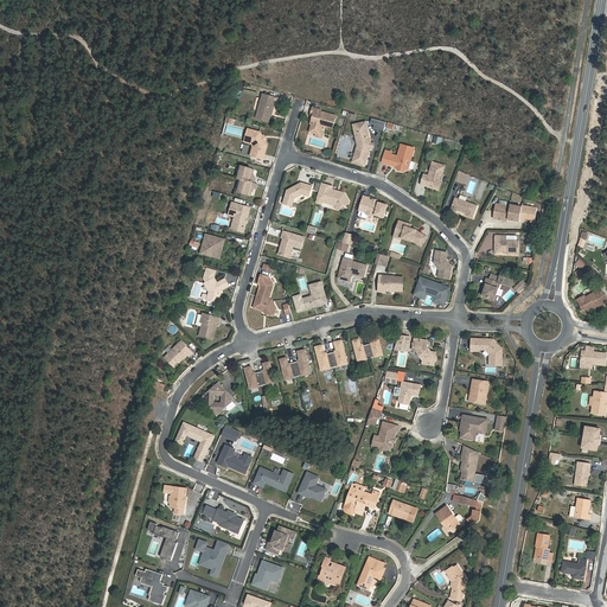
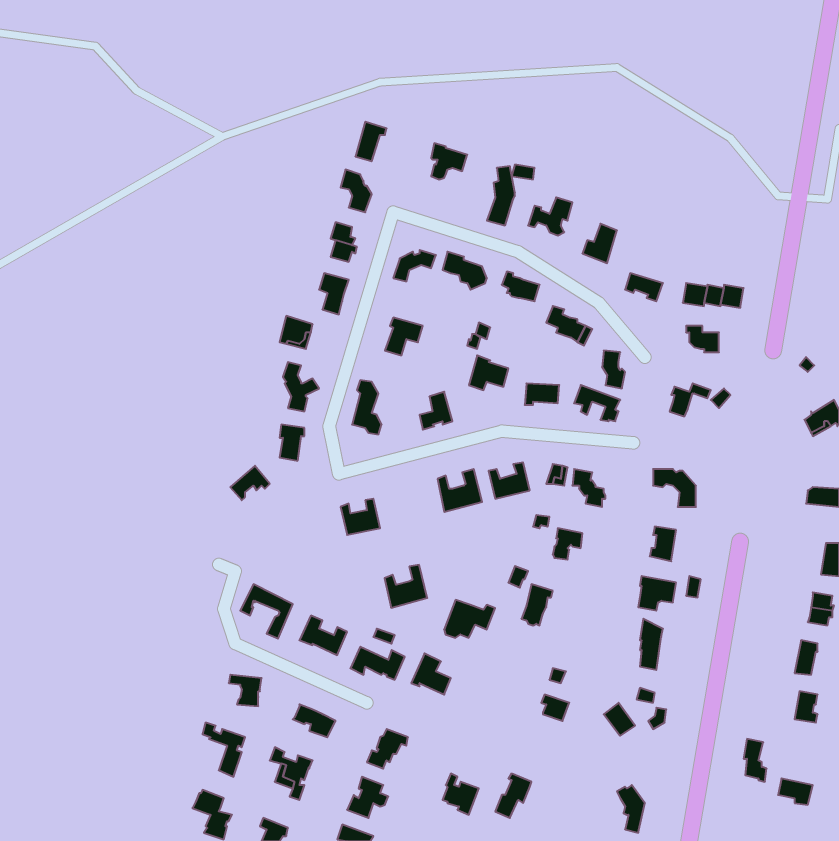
building: [280,347,311,378] -> [385,565,427,608]
building: [200,381,234,413] -> none
building: [343,487,379,515] -> [444,600,495,638]

